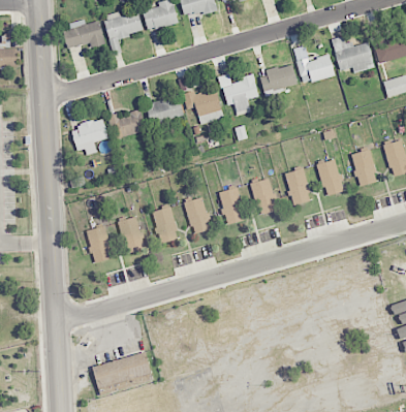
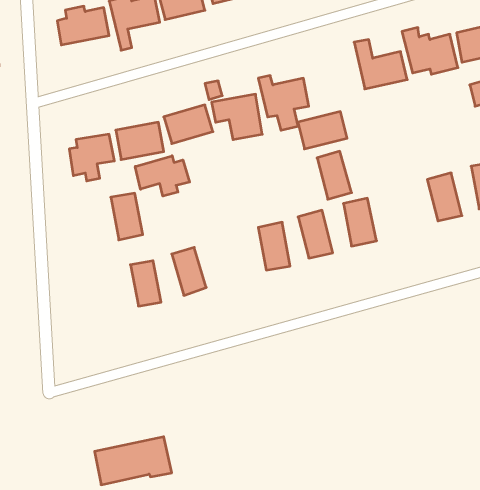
building: [259,65,298,94] -> [298,112,347,149]
building: none -> [135,156,190,196]
building: [317,159,344,196] -> [317,151,352,199]
building: [184,196,212,234] -> none
building: [87,226,112,262] -> [111,193,143,240]

